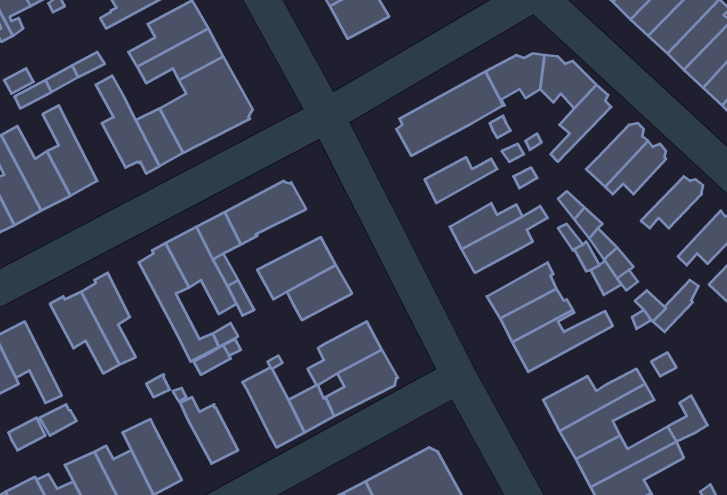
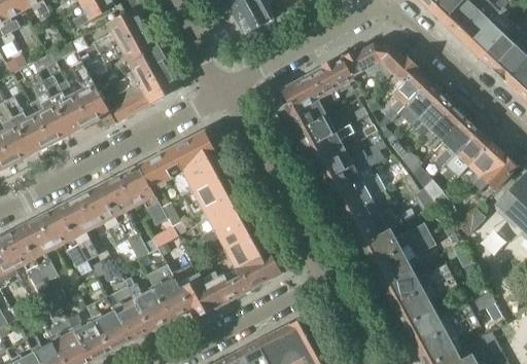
building: none -> [44,73,91,132]
building: none -> [391,80,442,125]
building: none -> [289,92,336,131]
building: none -> [434,115,479,169]
building: none -> [307,123,353,163]
building: none -> [466,140,504,186]
building: none -> [171,151,226,194]
building: none -> [333,180,384,212]
building: none -> [78,188,127,245]
building: none -> [202,210,258,246]
building: none -> [21,217,58,281]
building: none -> [371,232,435,284]
building: none -> [153,277,190,319]
building: none -> [112,297,150,339]

